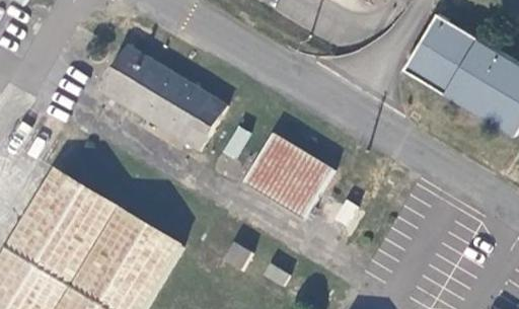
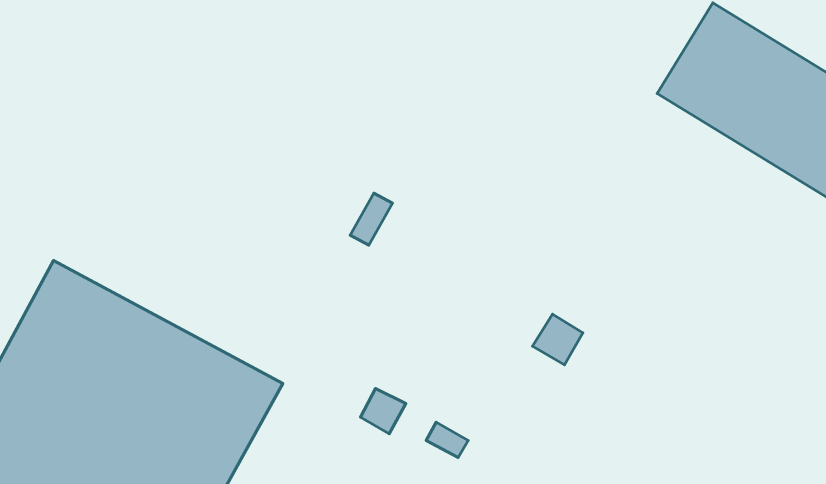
building: [102,48,228,152] -> none
building: [246,136,336,221] -> none

